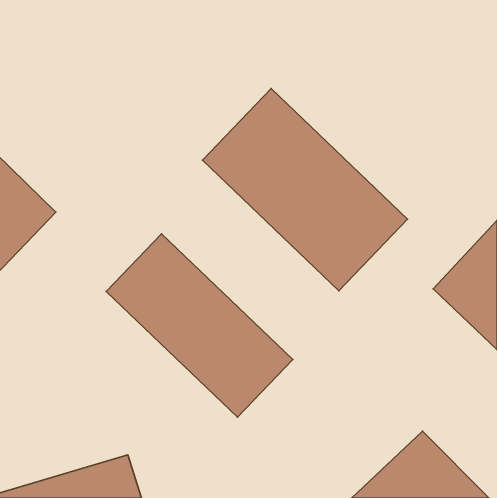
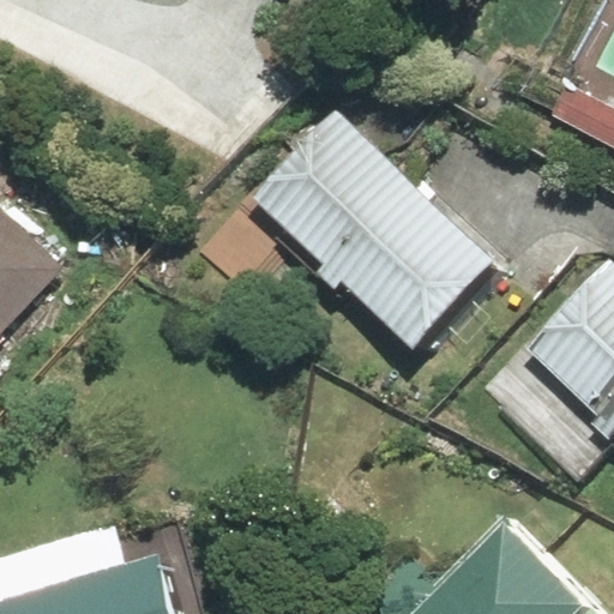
building: [106,234,293,417] -> none

